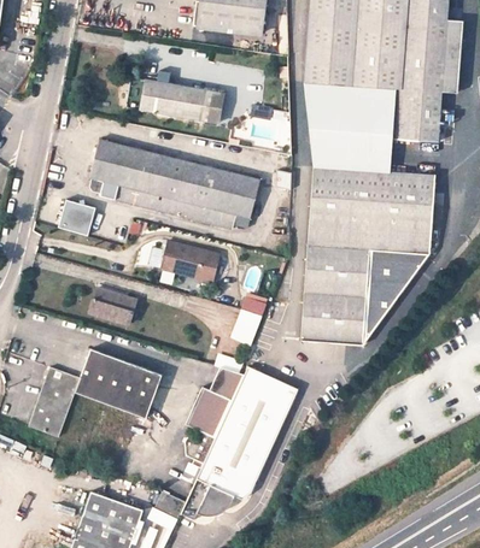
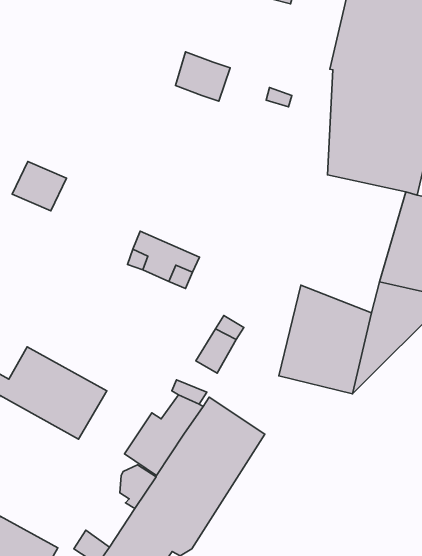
building: [127,77,181,114] -> none
building: [89,139,261,229] -> none
building: [306,167,380,275] -> none
building: [89,288,135,324] -> none

